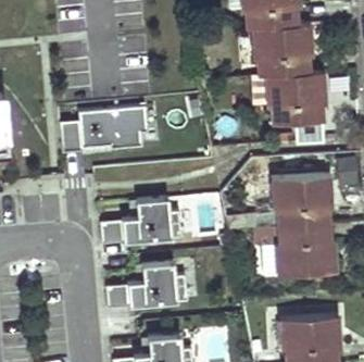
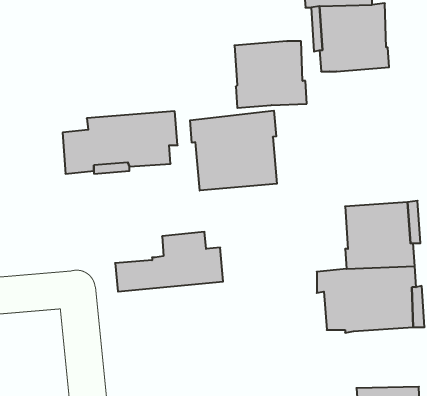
building: [269,74,325,125] -> [234,41,307,108]
building: none -> [190,111,277,191]
building: [105,264,188,310] -> none

